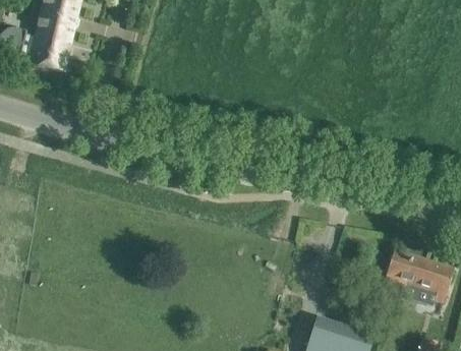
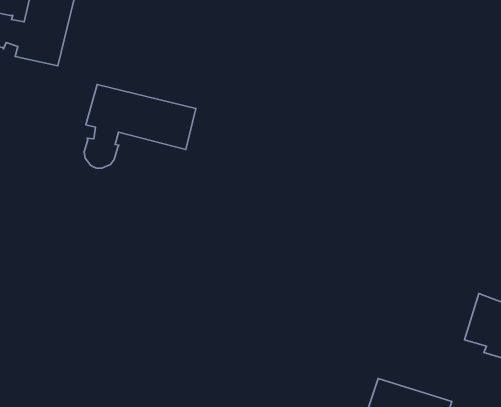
building: none -> [84,84,196,168]

